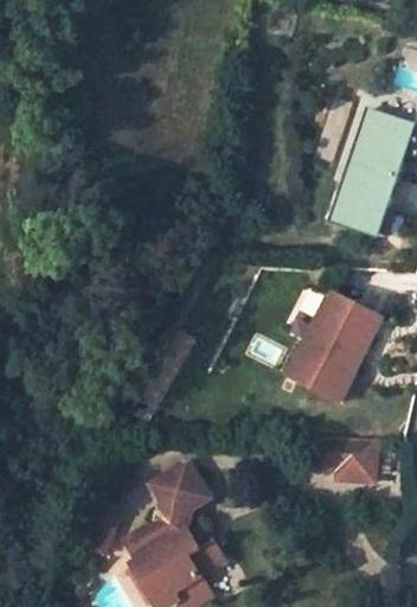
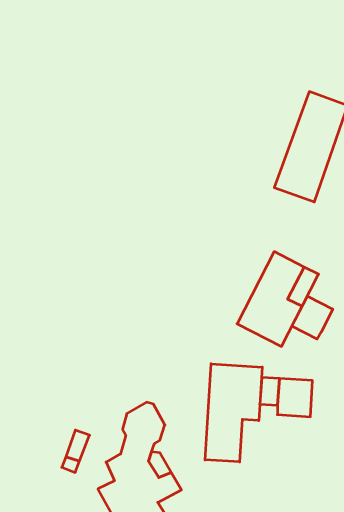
building: none -> [292,296,333,339]
building: none -> [205,364,262,462]

